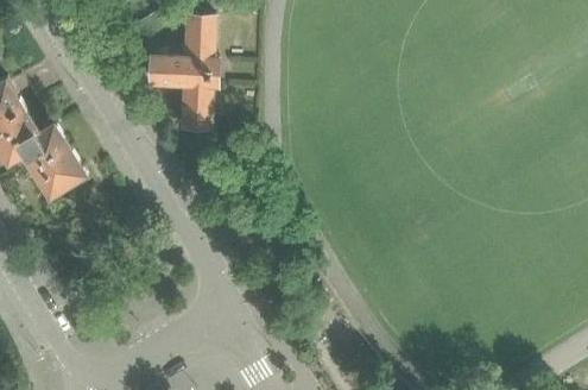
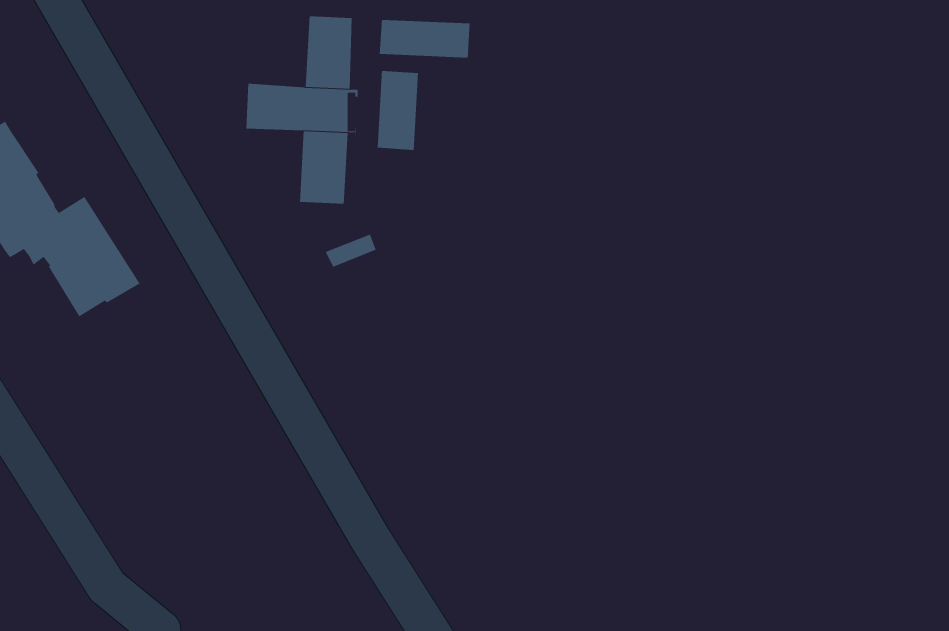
building: none -> [379,19,470,59]
building: none -> [377,70,418,151]

